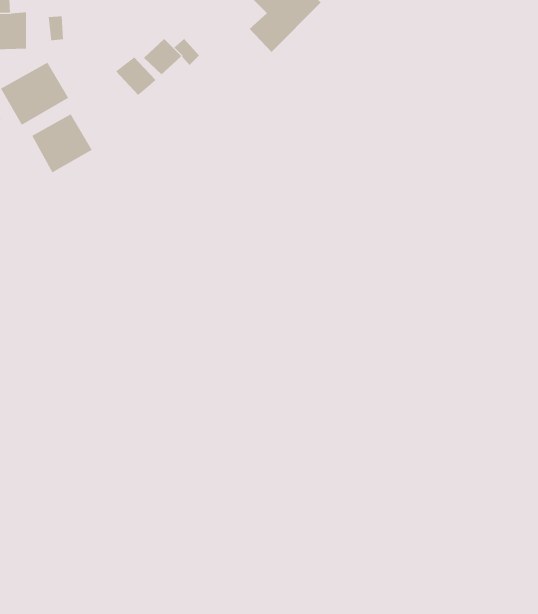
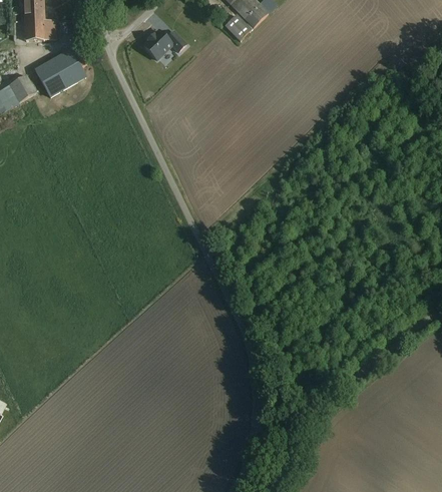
building: [115,56,156,96] -> none
building: [31,114,93,173] -> none

